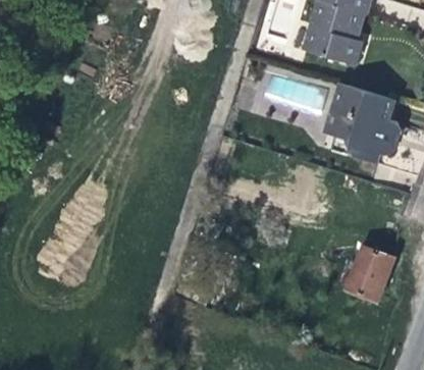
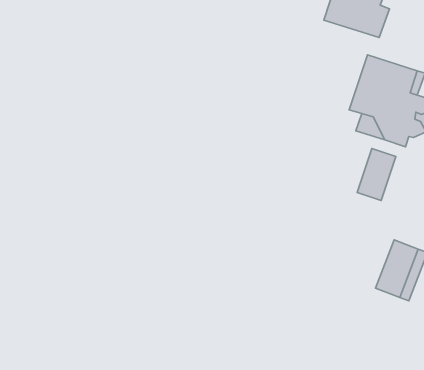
building: none -> [357,148,396,201]

